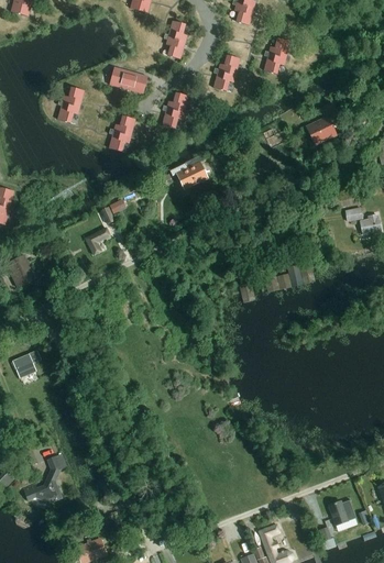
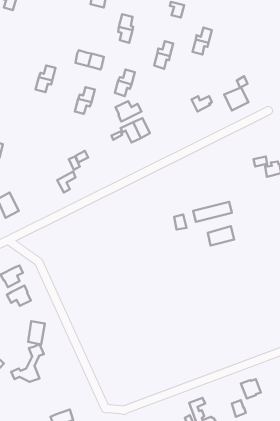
building: none -> [116,101,142,122]
building: none -> [208,226,234,246]
building: none -> [7,285,31,306]
building: none -> [28,321,45,344]

